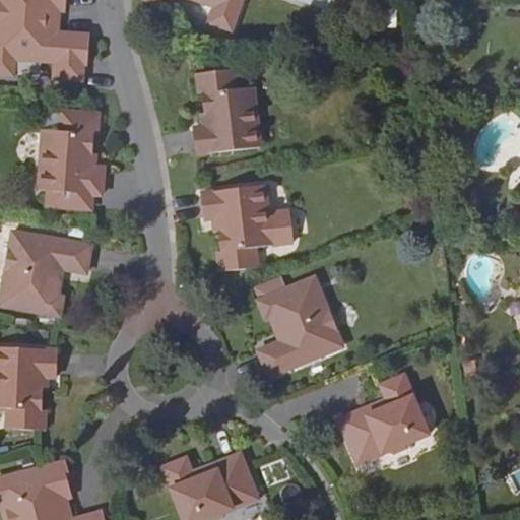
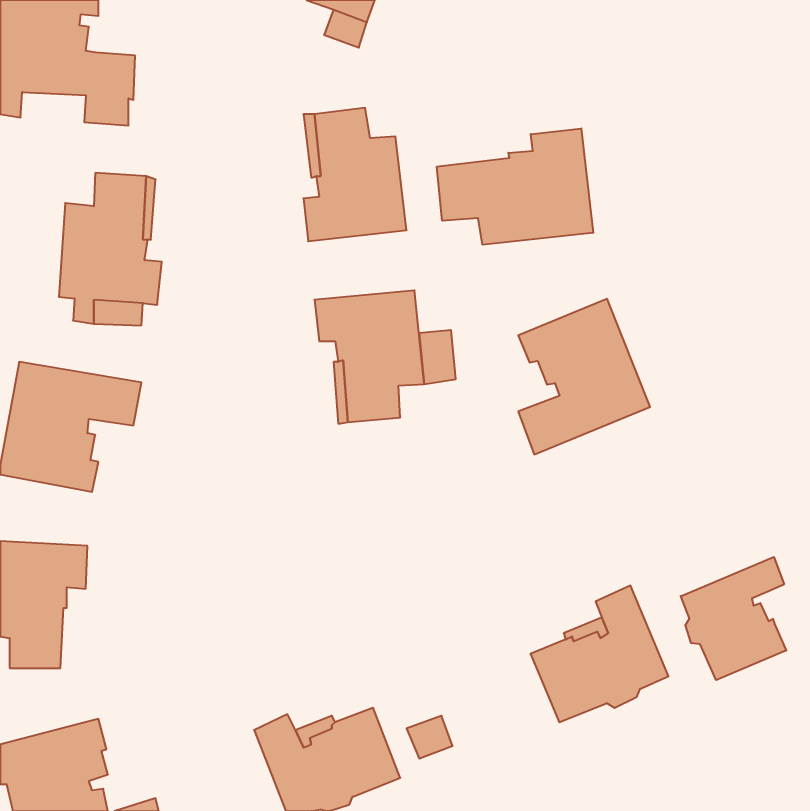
building: none -> [437,128,593,245]
building: [258,277,342,377] -> [518,299,650,454]
building: none -> [681,557,786,680]

